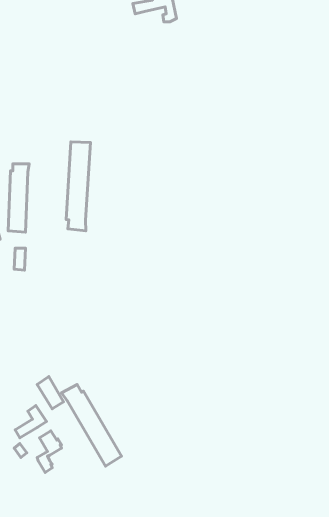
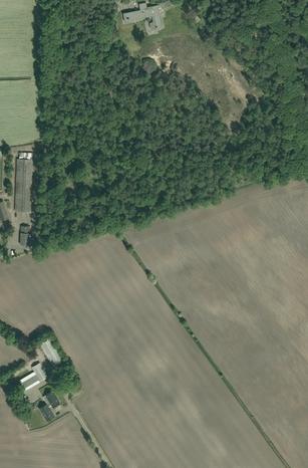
building: [66,142,90,231] -> none
building: [61,385,122,466] -> none

